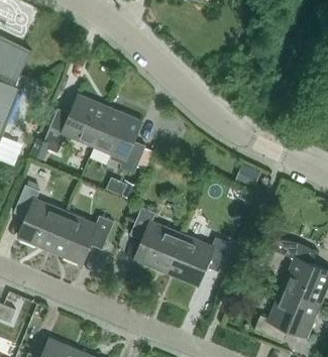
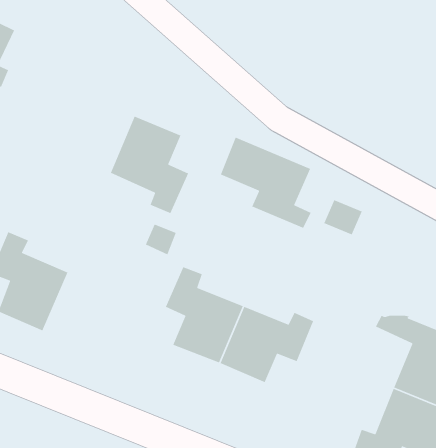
building: [28,94,109,160] -> none
building: none -> [220,137,312,229]
building: [48,211,113,263] -> none

